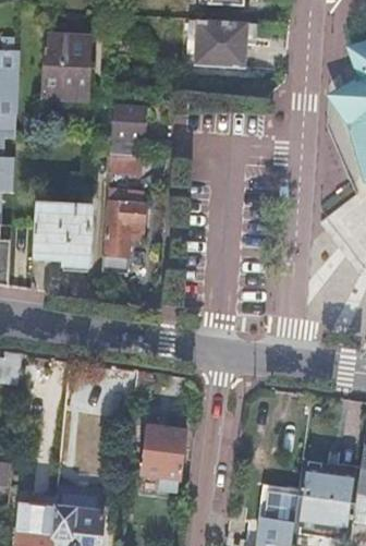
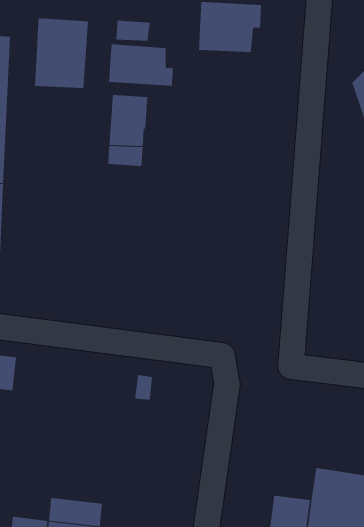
building: none -> [108,44,173,86]
building: [102,203,145,272] -> none
building: [32,205,91,268] -> none
building: [141,424,185,478] -> none

